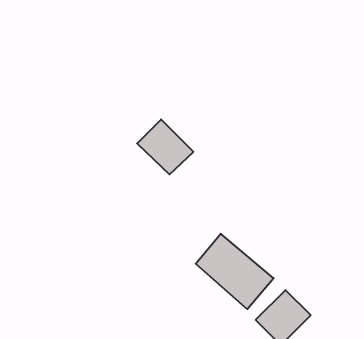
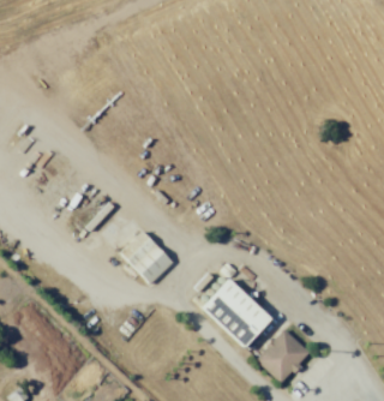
building: [137,119,193,174] -> [120,231,176,286]

